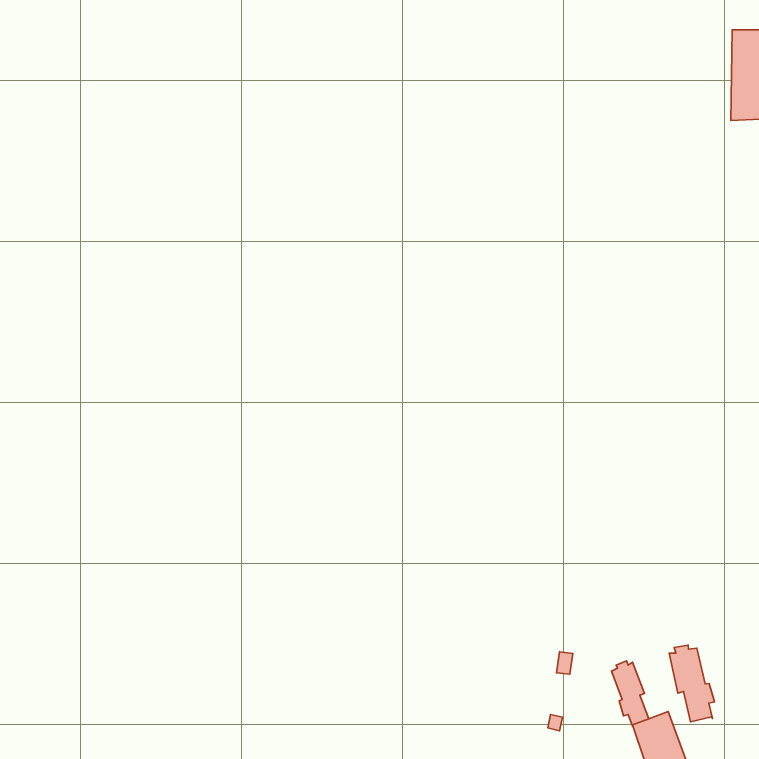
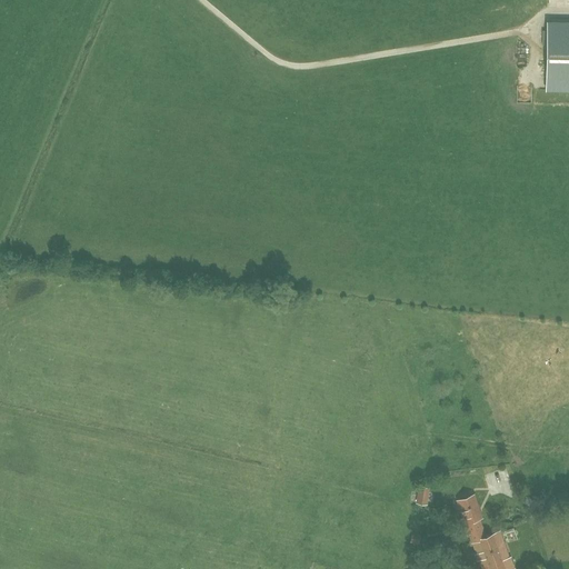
building: [669,645,715,722] -> none

